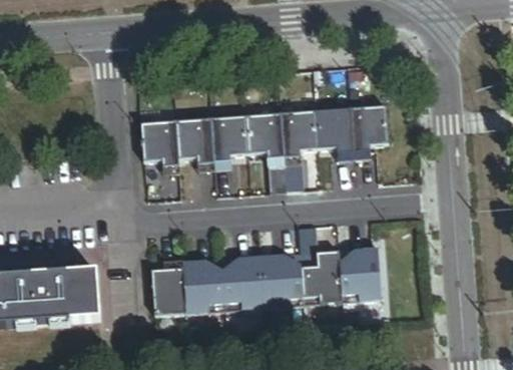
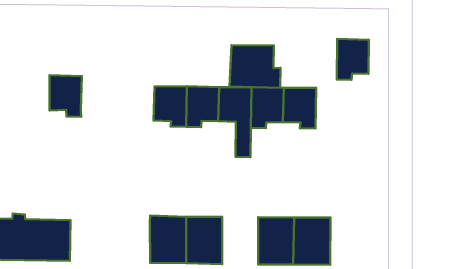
building: none -> [230,45,280,88]
building: [351,105,388,151] -> [337,39,369,80]
building: [140,120,178,165] -> [49,75,82,117]
building: [261,253,304,307] -> none
building: [150,268,186,315] -> none

